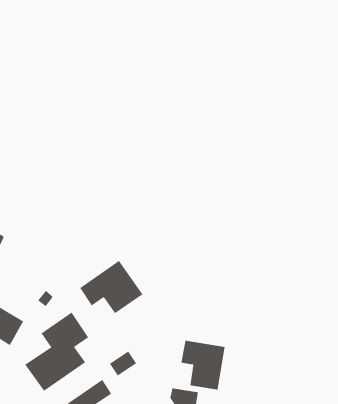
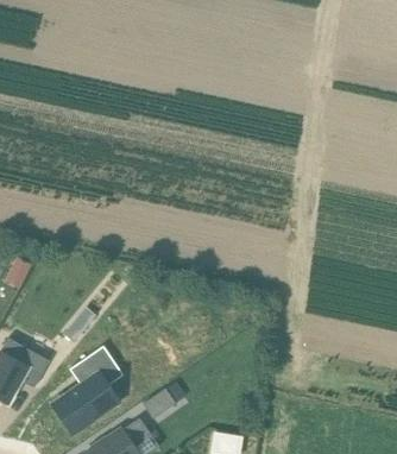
building: [79,260,143,314] -> none
building: [181,340,225,391] -> none

